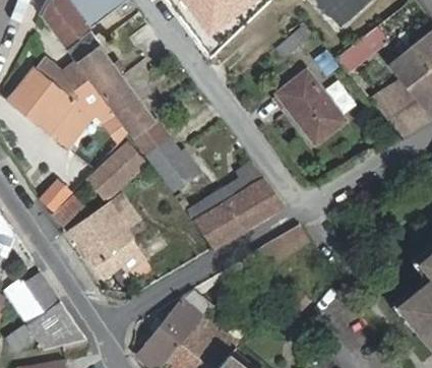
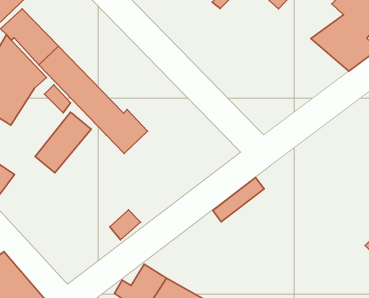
building: [277,72,344,141] -> none
building: [188,162,282,245] -> none
building: [67,194,139,278] -> none

